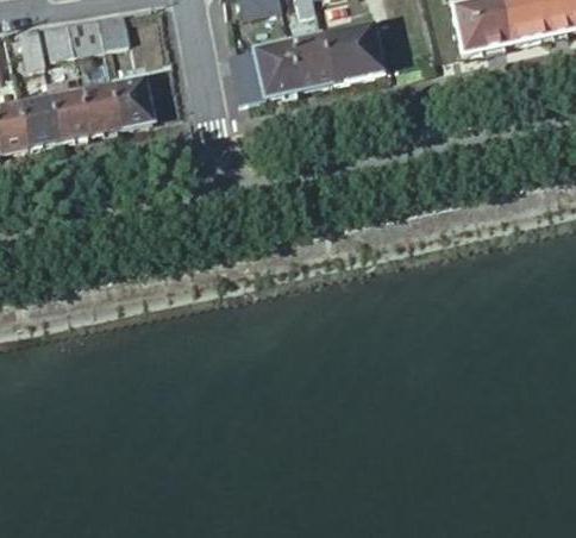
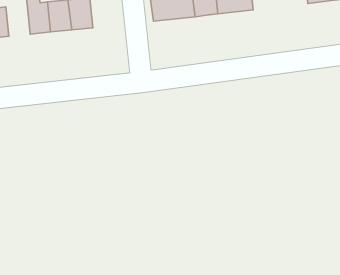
building: [20,94,60,144] -> none

